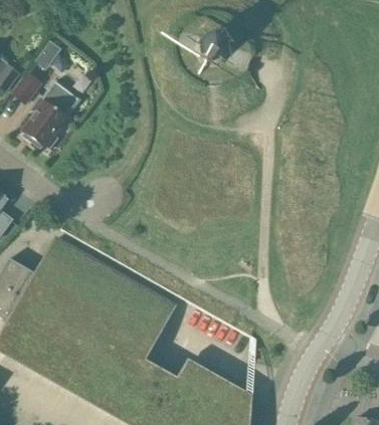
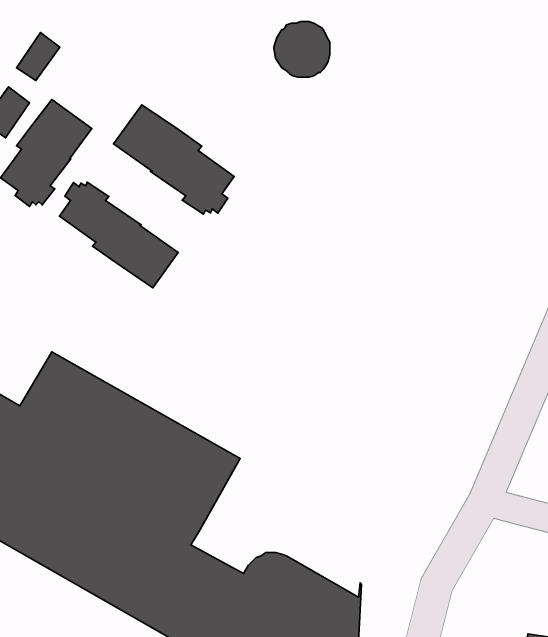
building: none -> [113,105,234,214]
building: none -> [59,182,178,288]

